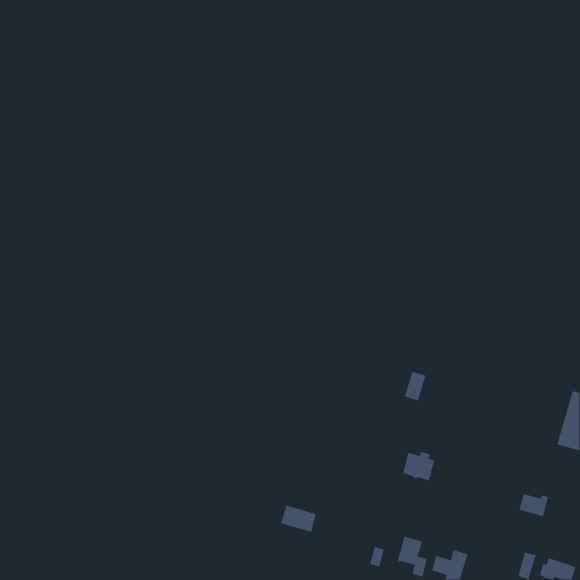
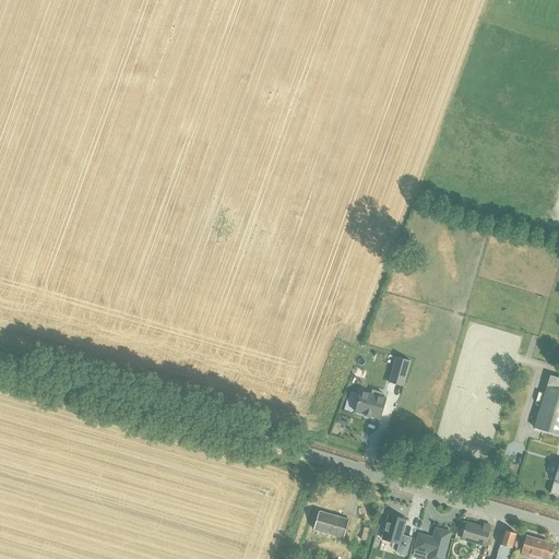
building: [402,451,435,481] -> [354,389,385,418]
building: [519,493,549,517] -> [461,522,490,545]
building: [280,504,316,533] -> [311,514,346,542]

